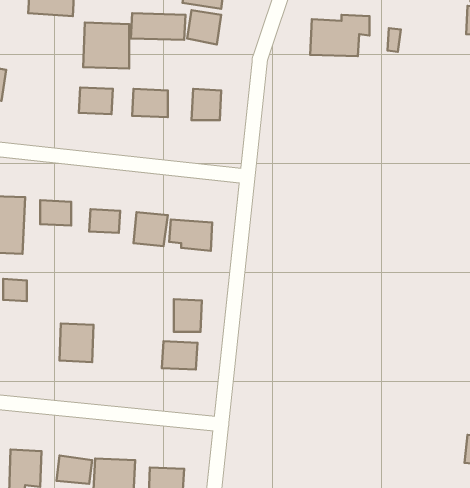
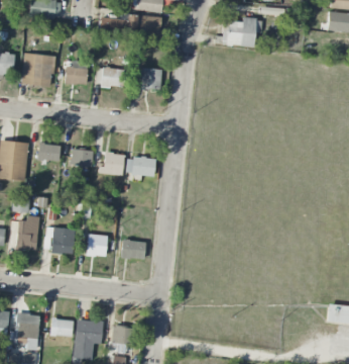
building: [83,23,129,69] -> [21,54,52,85]
building: [174,299,202,332] -> [87,234,106,256]
building: none -> [15,220,37,250]

